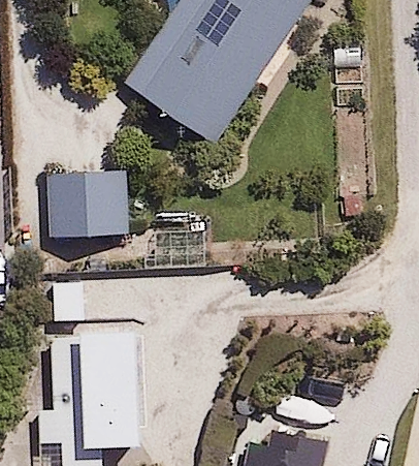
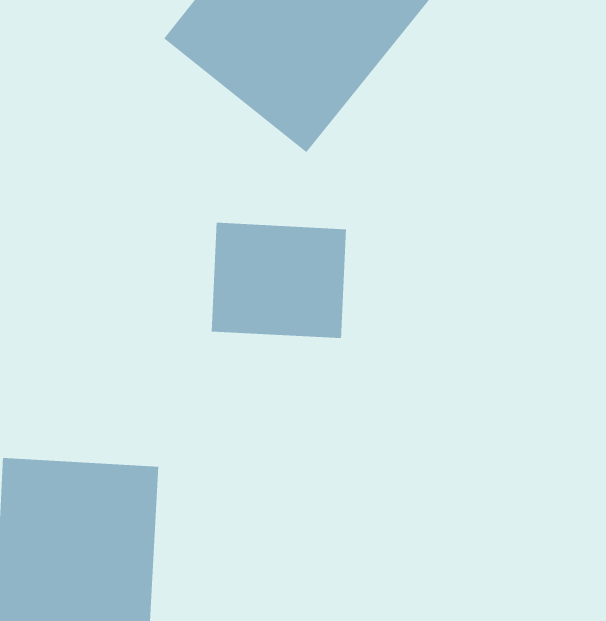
building: [44,169,124,237] -> [211,222,347,339]

